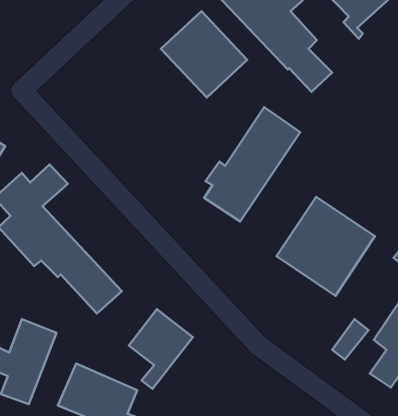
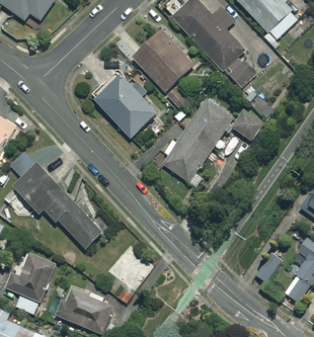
building: none -> [94,74,157,138]
building: none -> [233,110,263,142]
building: [277,197,375,296] -> none

